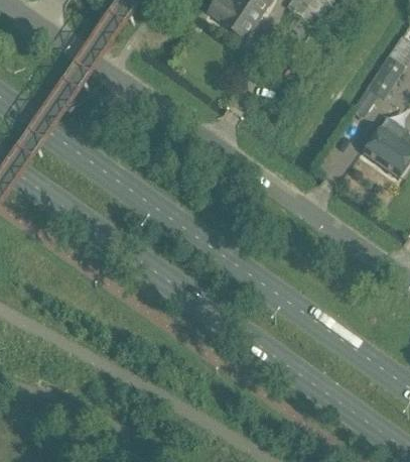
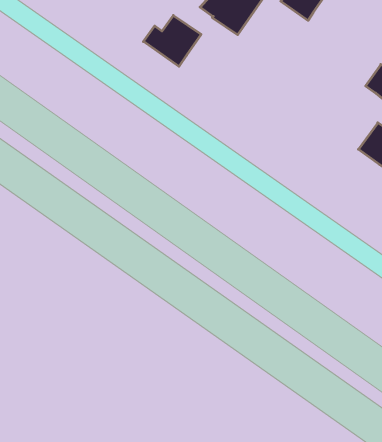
building: none -> [143,15,201,66]

